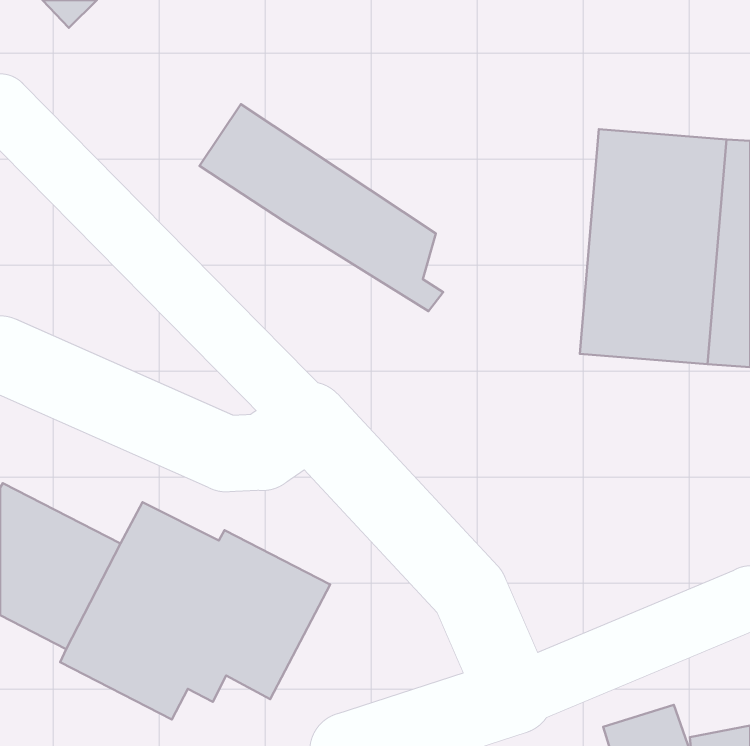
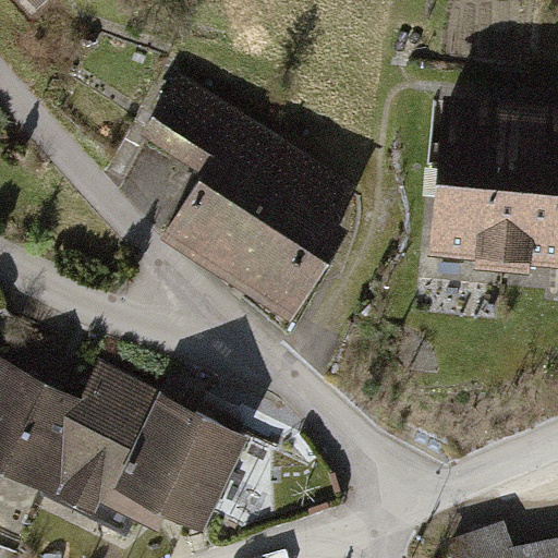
building: none -> [170,168,335,308]

